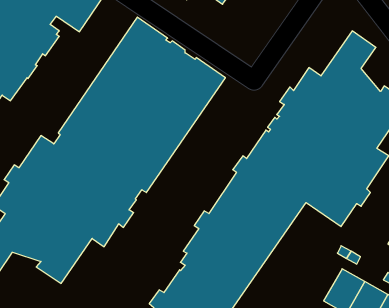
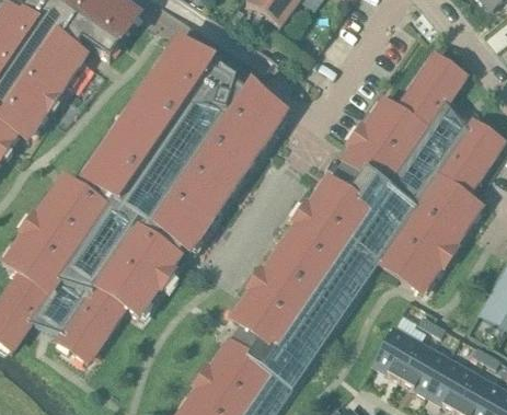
building: none -> [371,324,422,379]

